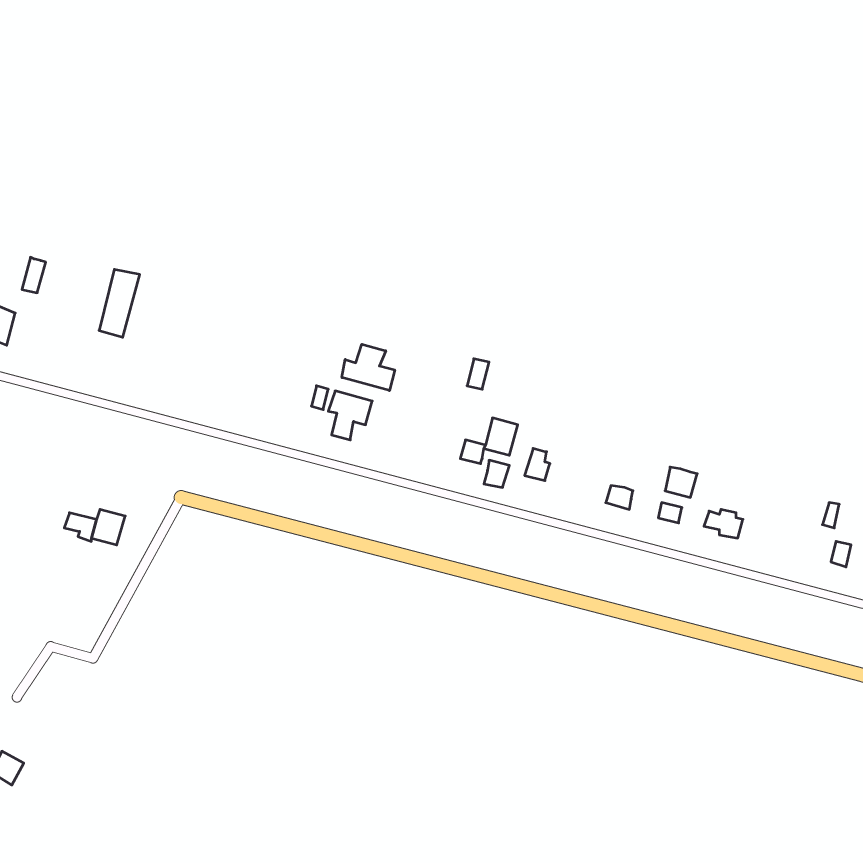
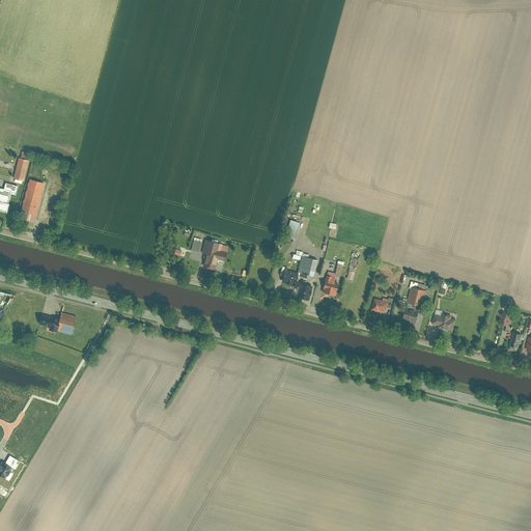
building: [99,269,140,337] -> [20,180,45,222]
building: [342,344,395,391] -> none

